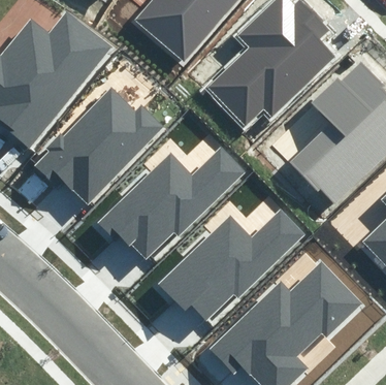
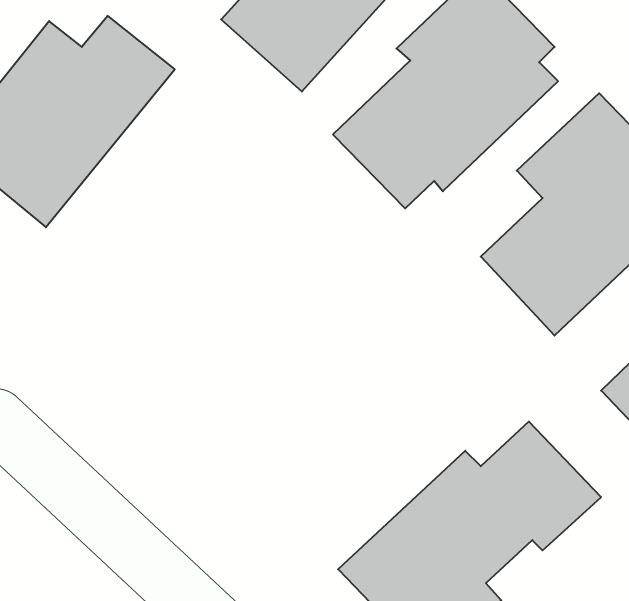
building: [30,85,165,206] -> none
building: [98,141,249,264] -> none
building: [155,206,305,329] -> none

